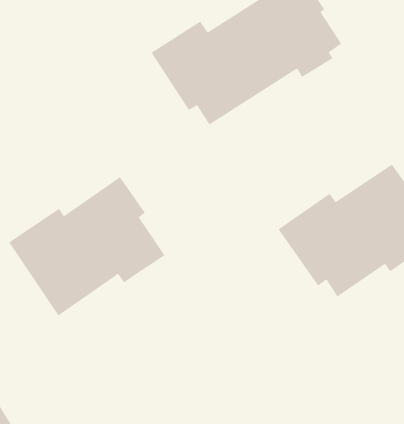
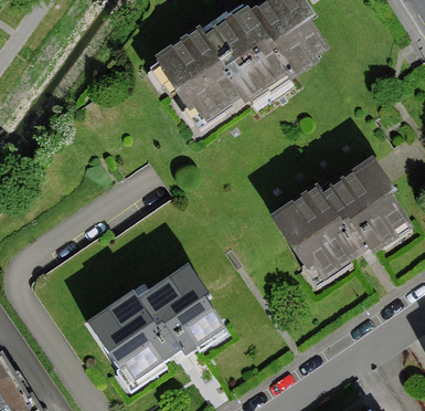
building: [8,176,165,316] -> [84,260,226,387]

